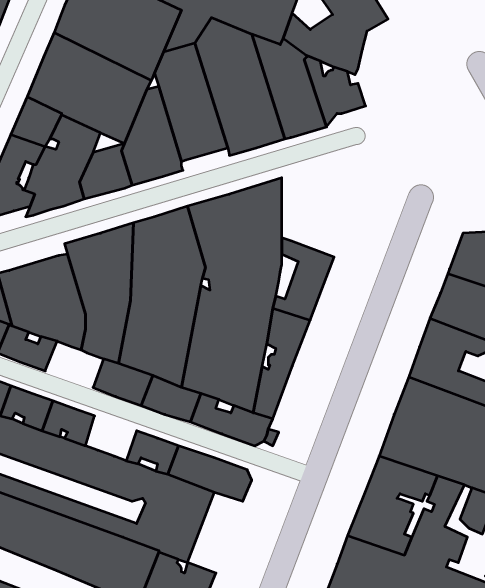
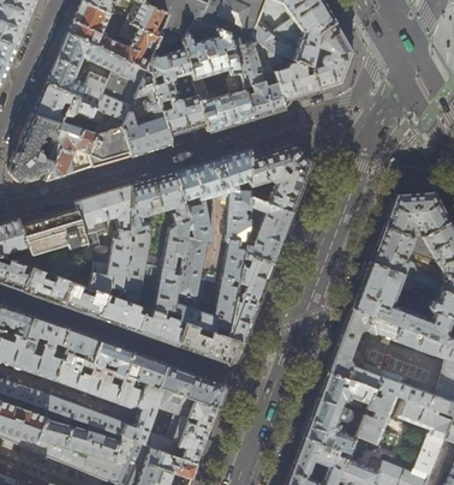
building: none -> [310,23,353,92]
building: none -> [251,145,312,214]
building: none -> [61,281,108,318]
building: none -> [94,341,135,377]
building: none -> [175,402,220,467]

